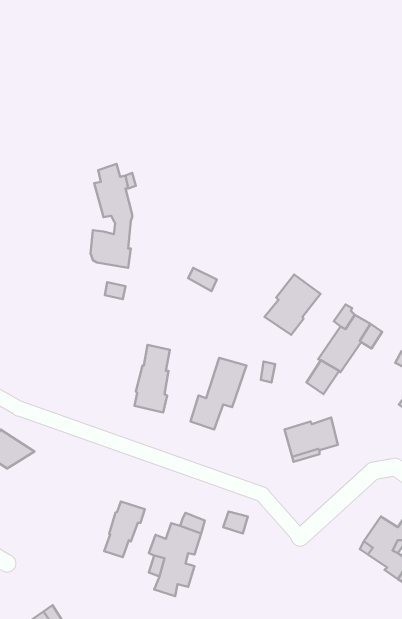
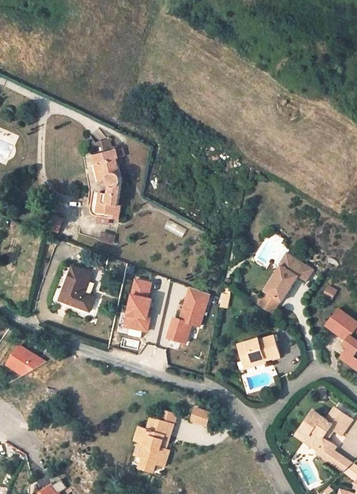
building: [264,274,320,335] -> none
building: none -> [60,266,92,310]
building: [104,501,145,557] -> none

